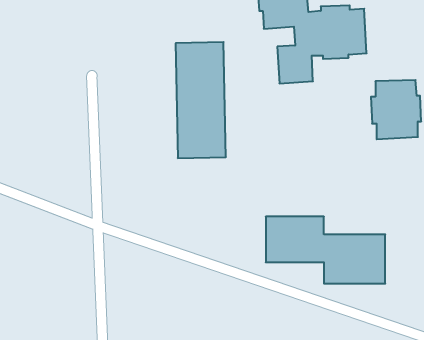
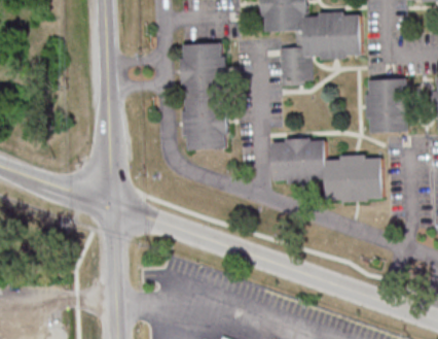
building: [266,217,385,284] -> [275,140,385,202]

